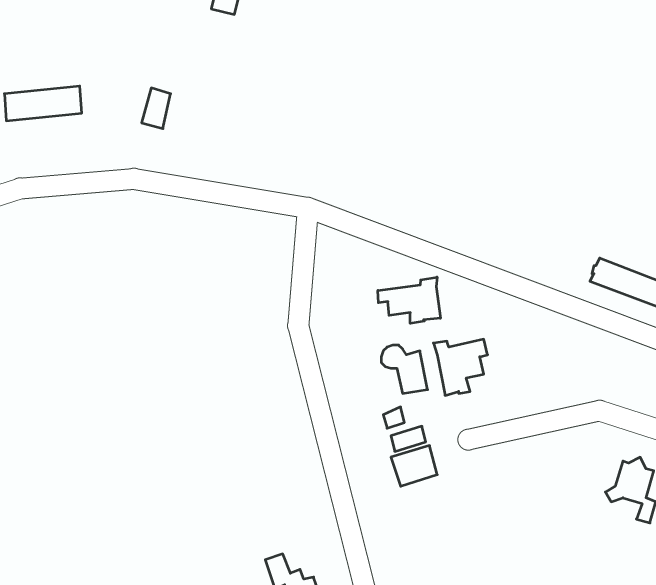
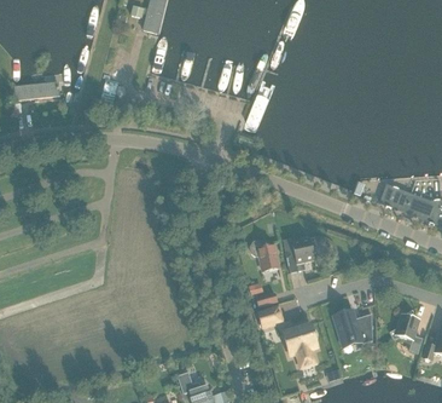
building: [378,277,440,323] -> none
building: none -> [332,310,371,350]
building: none -> [281,323,316,362]

